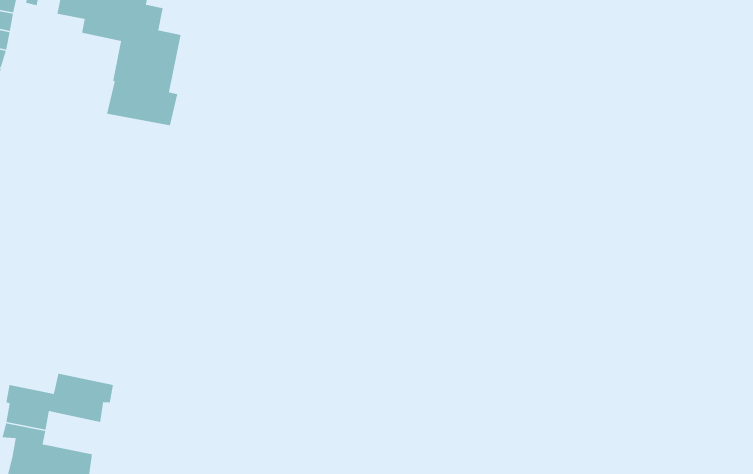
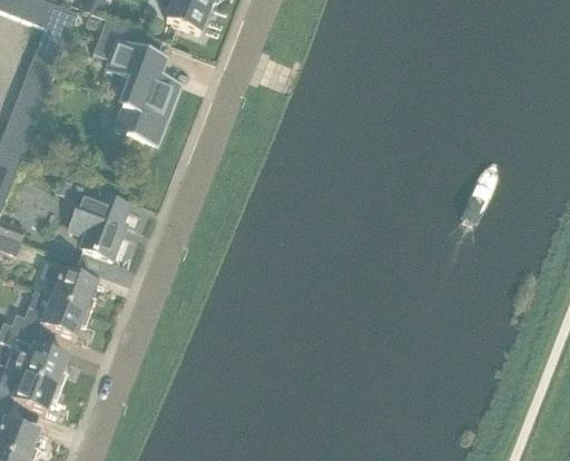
building: none -> [68,190,126,257]
building: none -> [40,262,96,311]

